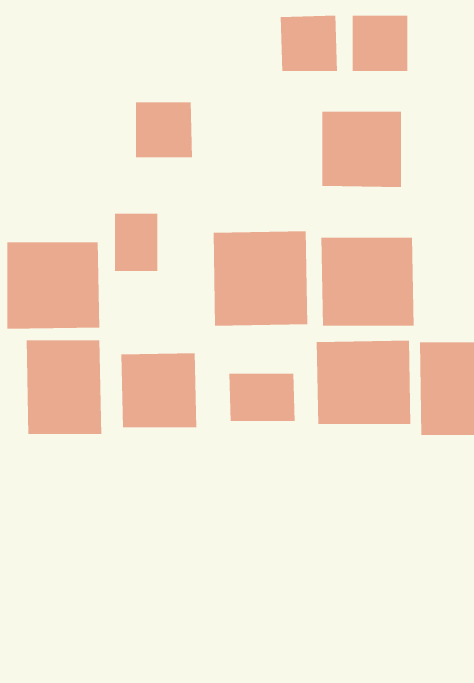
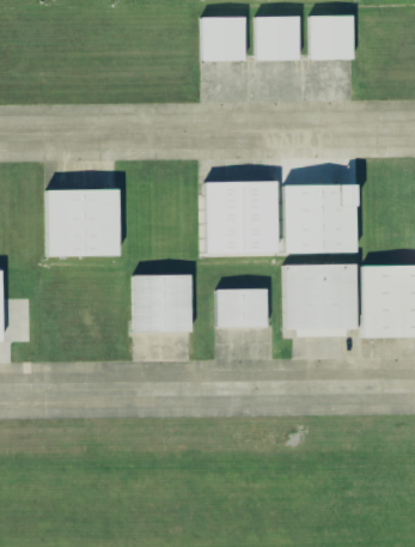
building: [135,102,193,158] -> [202,17,246,60]
building: [322,111,401,188] -> none
building: [115,213,158,272] -> none
building: [26,340,102,435] -> none

